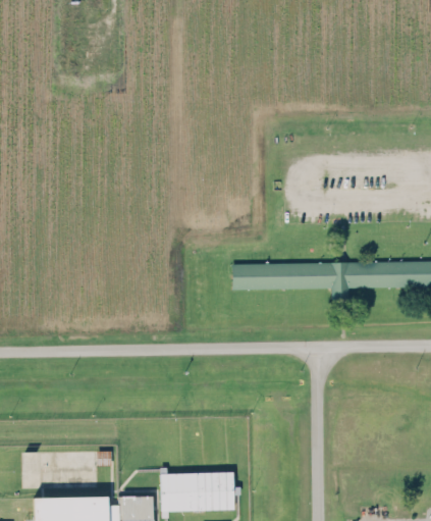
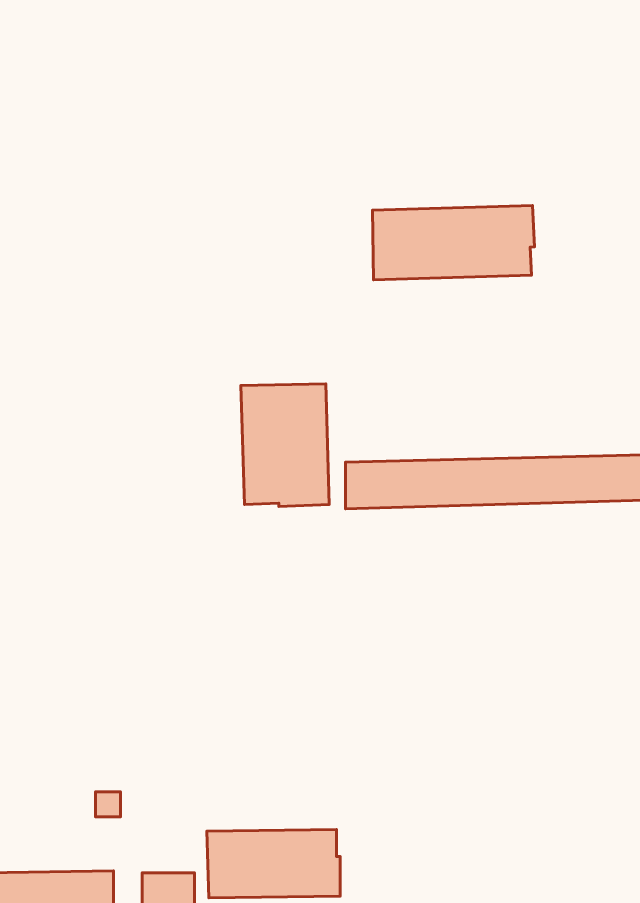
building: none -> [372,205,535,280]
building: none -> [241,384,329,507]

